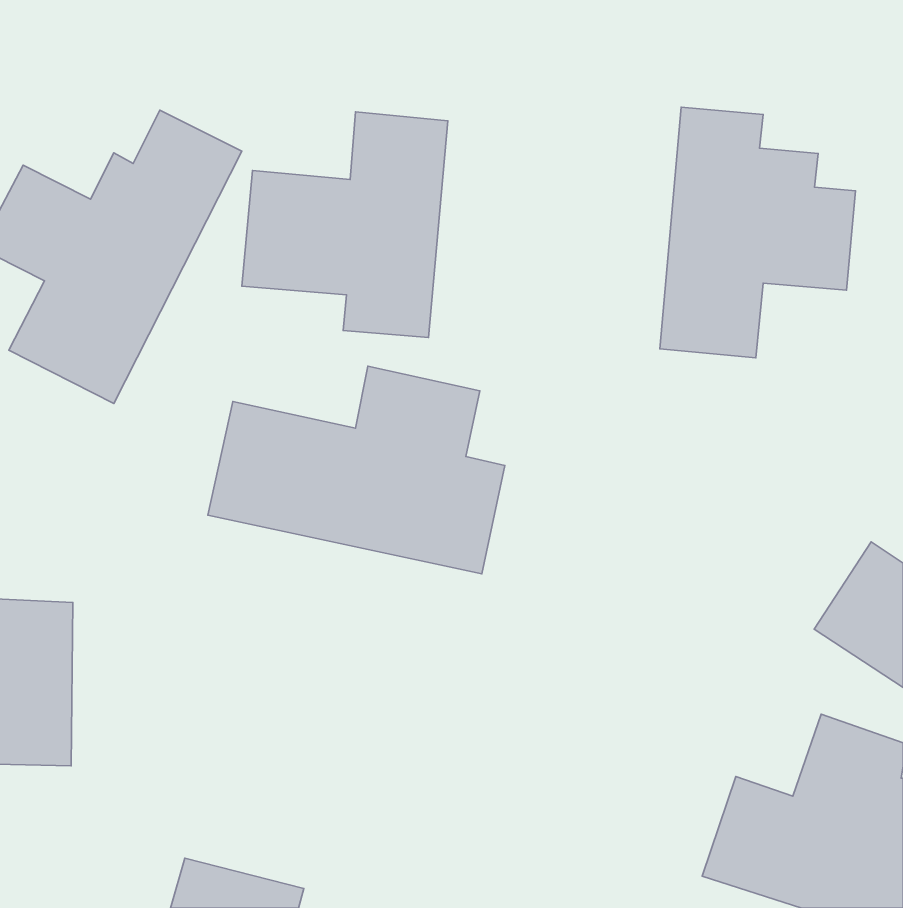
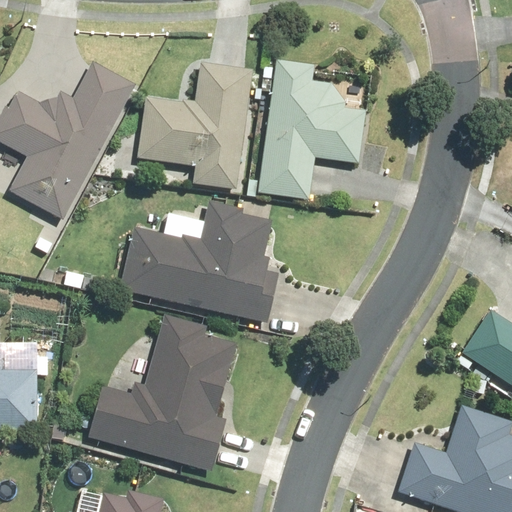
building: [660,107,856,358] -> [257,59,367,200]
building: none -> [85,315,250,474]

